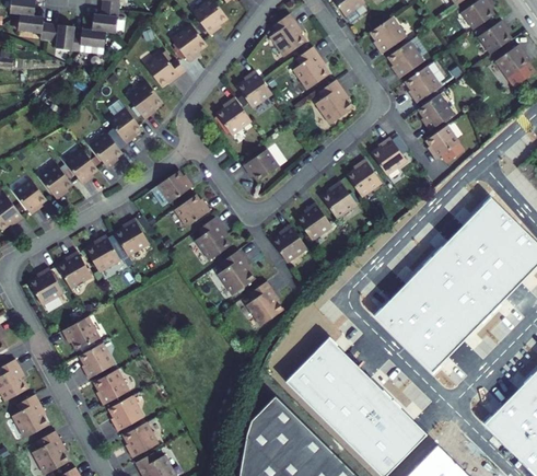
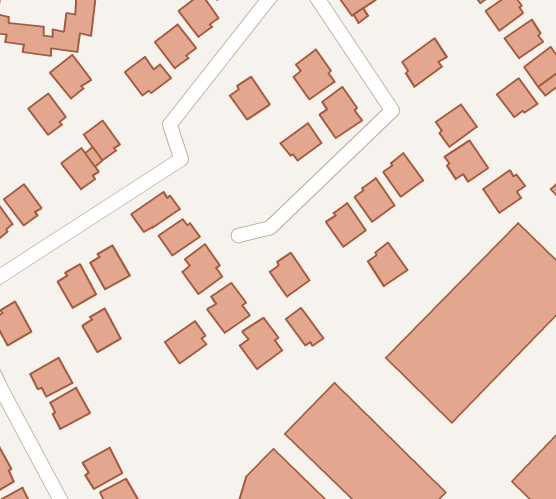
building: [270,13,306,57] -> none
building: [371,16,406,54] -> none
building: [405,66,441,103] -> none
building: none -> [497,78,538,117]
building: [127,81,163,119] -> [50,55,91,99]
building: [217,96,252,136] -> none
building: [66,149,98,185] -> [28,94,66,135]
building: [243,149,279,182] -> [280,123,322,161]
building: none -> [483,170,525,213]
building: [297,202,332,241] -> [368,243,408,286]
building: [58,251,92,289] -> [82,308,121,352]
building: none -> [286,308,323,346]
building: none -> [165,321,206,363]
building: [94,369,129,405] -> none

